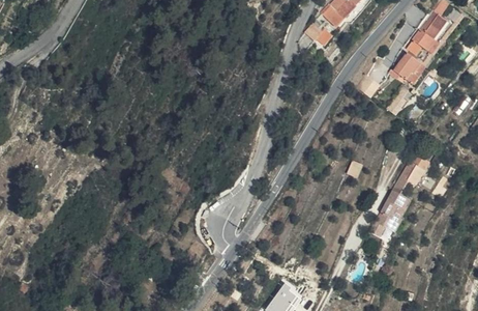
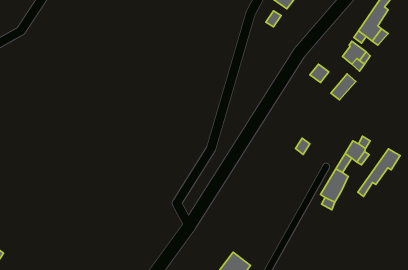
building: none -> [358,149,400,197]

